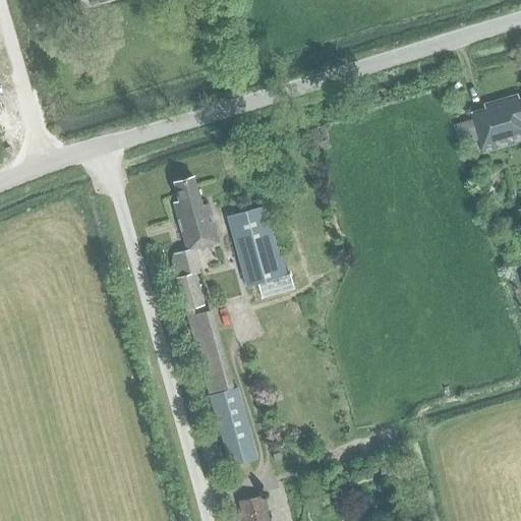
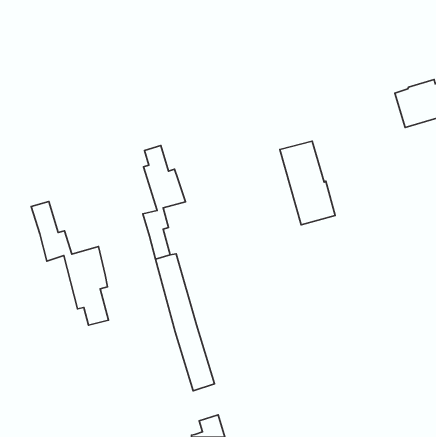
building: [227,206,293,305] -> [280,141,335,225]
building: none -> [31,202,109,325]

